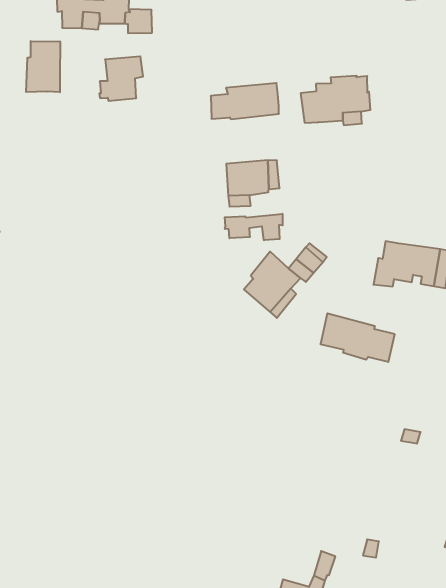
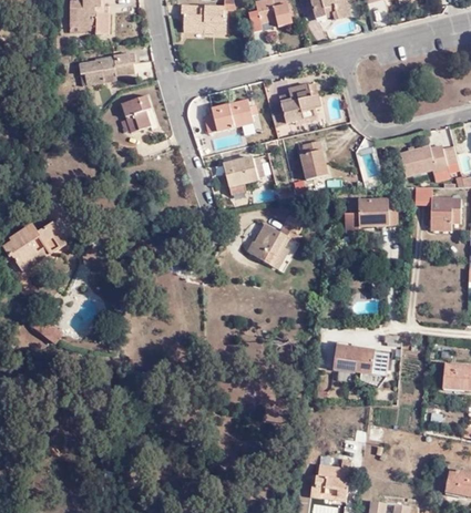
building: [26,41,60,92] -> none
building: none -> [304,140,330,179]
building: [225,214,283,240] -> none
building: [320,313,395,362] -> [332,348,386,377]

